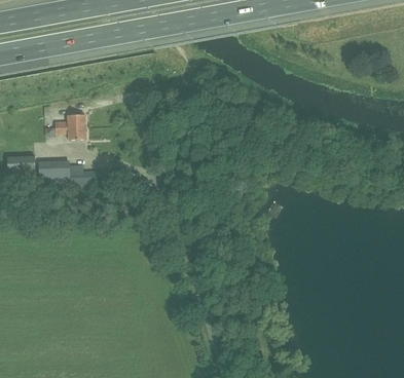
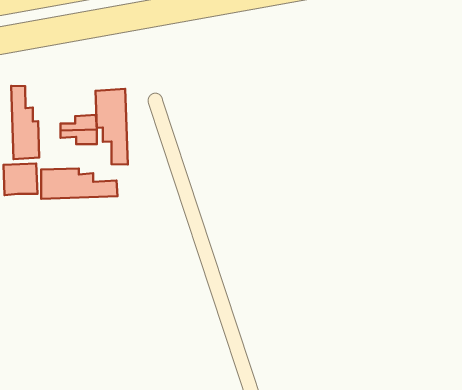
building: none -> [11,86,39,159]
building: none -> [96,89,128,164]

